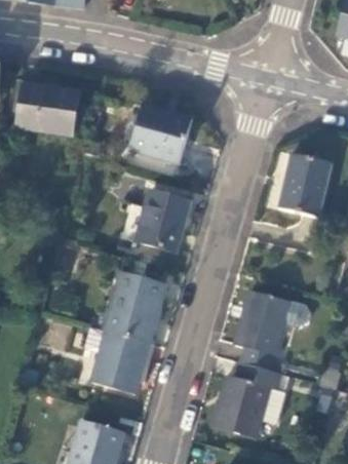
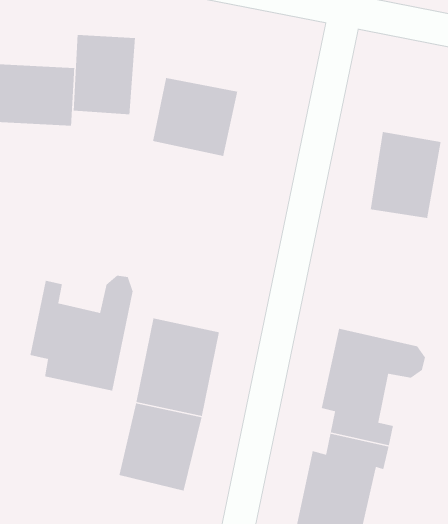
building: none -> [73,34,136,115]
building: [136,191,190,254] -> none
building: none -> [30,275,133,392]

